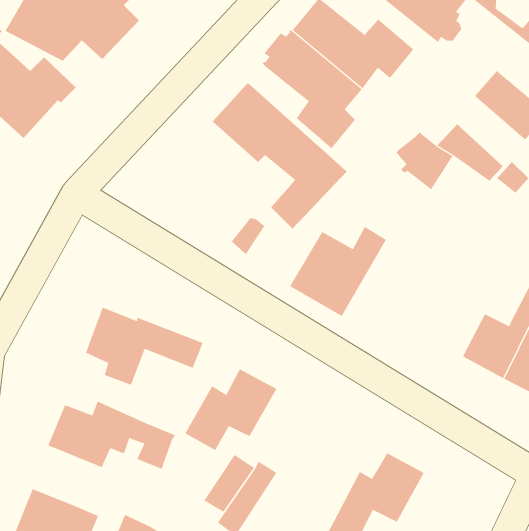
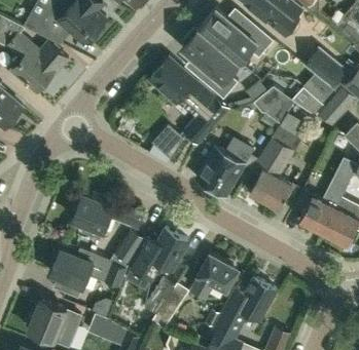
building: none -> [251,124,301,209]
building: none -> [110,231,146,268]
building: none -> [191,254,239,297]

